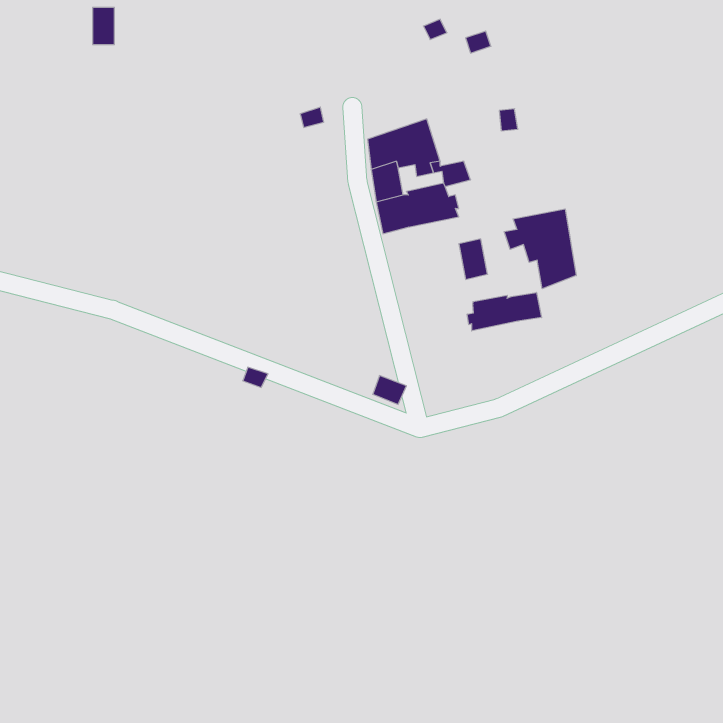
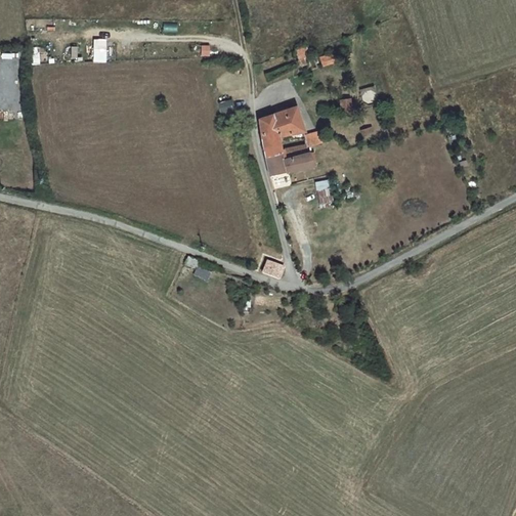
building: [504,209,576,289] -> none
building: [467,292,542,331] -> none

